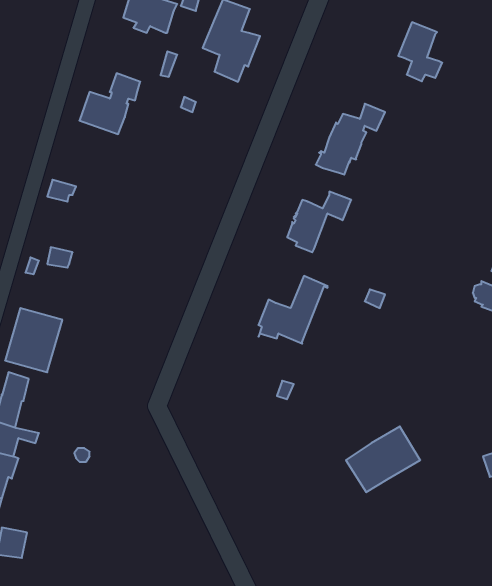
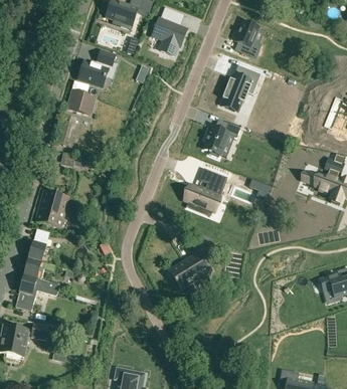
building: [398,22,442,81] -> [235,20,262,55]
building: none -> [66,80,98,116]
building: [346,426,420,492] -> [168,250,212,289]

